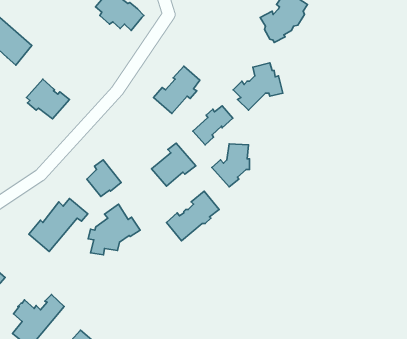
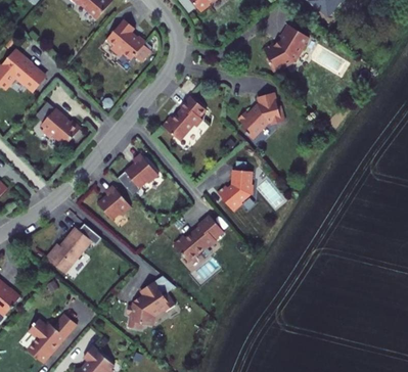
building: [193,106,233,145] -> none
building: [152,143,196,186] -> [117,153,158,194]
building: [88,204,140,255] -> [126,281,175,329]

